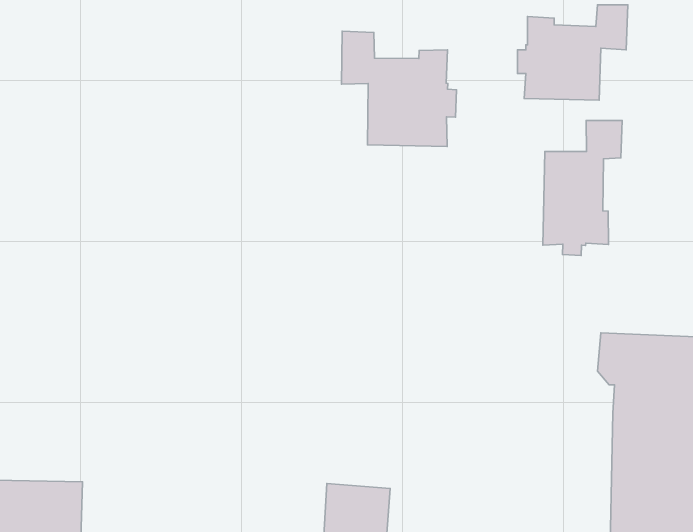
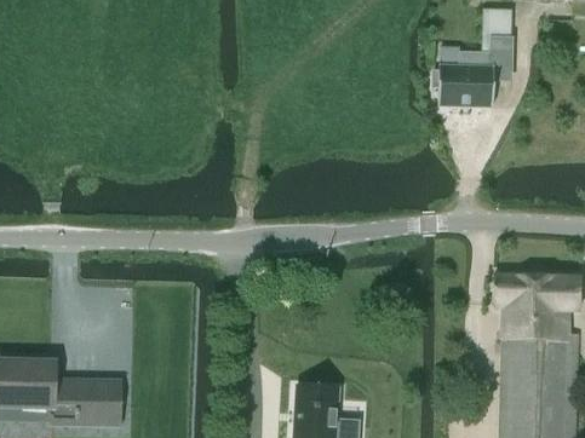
building: [342,31,456,147] -> none
building: [543,120,622,256] -> none

